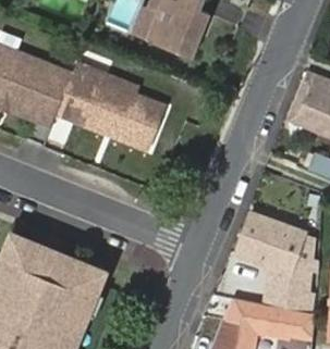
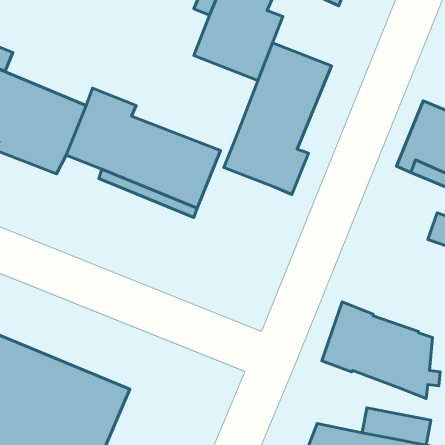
building: none -> [224,43,331,194]

